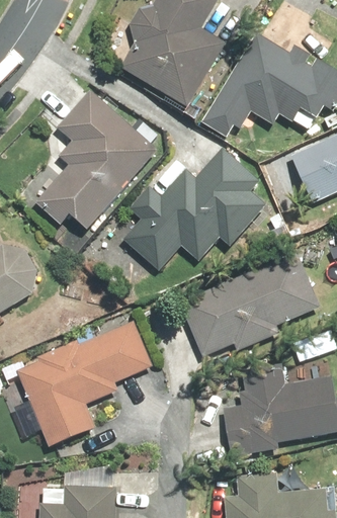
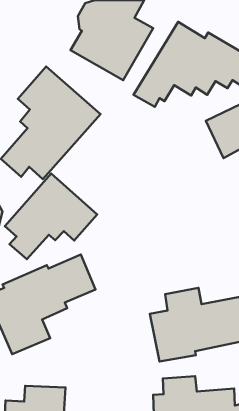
building: [123,147,267,270] -> none
building: none -> [5,173,97,259]
building: [180,251,322,356] -> none

